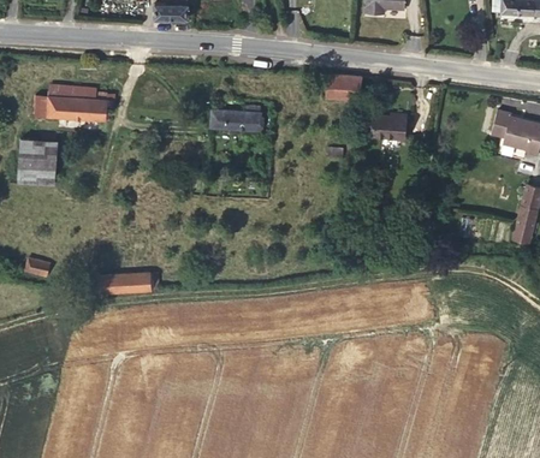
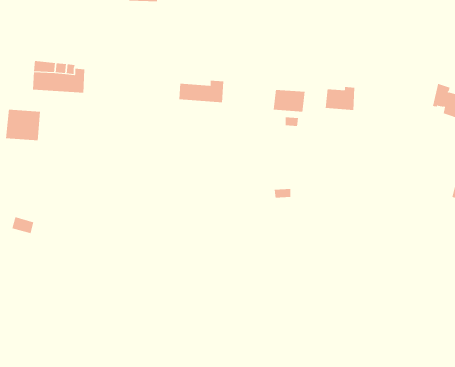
building: [327,75,363,100] -> [273,89,305,112]
building: [99,273,150,293] -> none

